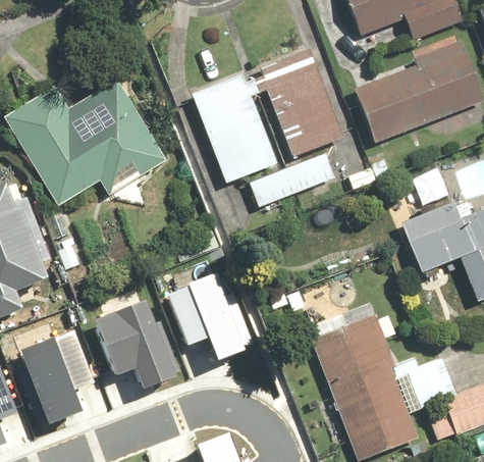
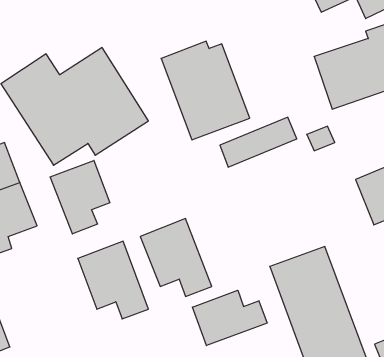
building: [254,39,348,156] -> none
building: none -> [50,160,110,234]
building: [20,329,93,416] -> none
building: none -> [192,290,267,346]

